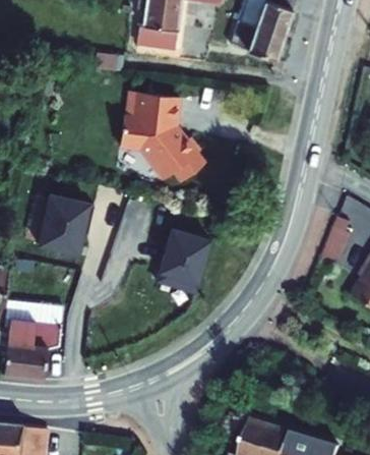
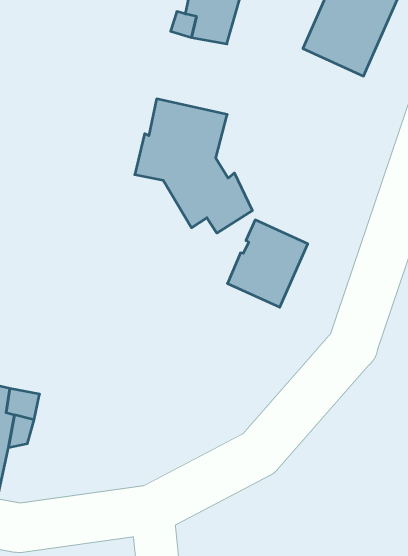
building: [38,194,91,251] -> none
building: [159,225,212,285] -> [227,220,308,307]

